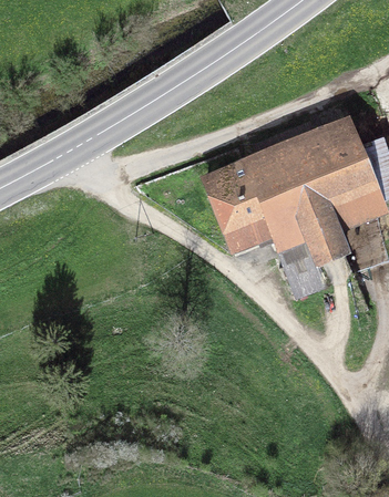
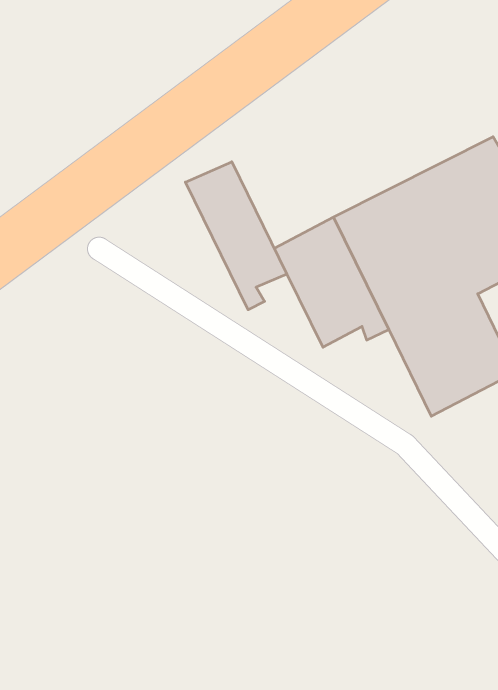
building: none -> [185,162,287,310]

